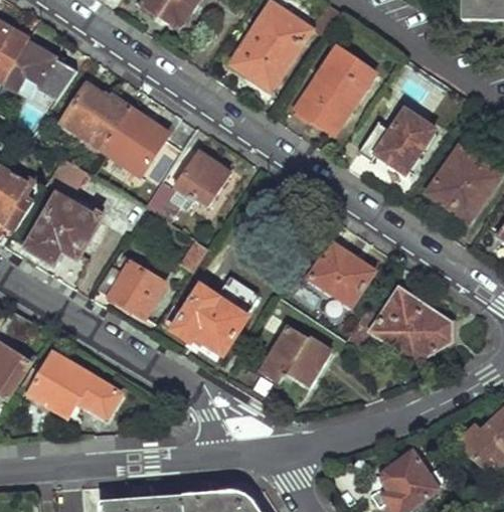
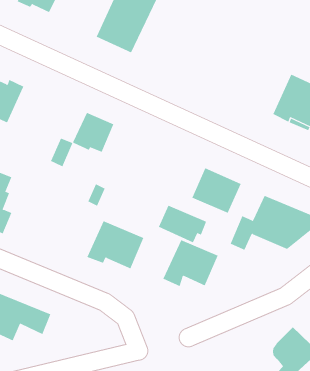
building: [293,46,373,133] -> none
building: [354,110,431,174] -> none
building: [104,115,170,176] -> none
building: [101,254,167,317] -> none
building: none -> [158,205,207,243]

